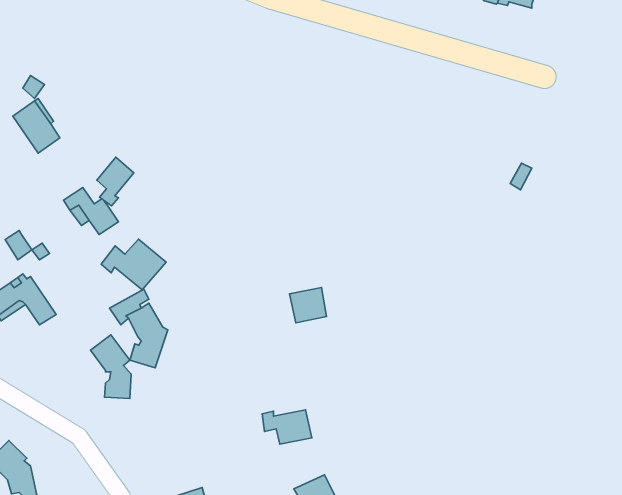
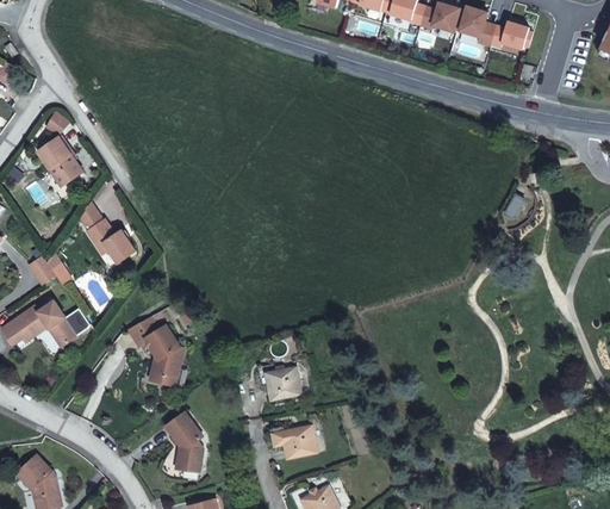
building: [97,157,134,206] -> none
building: [101,239,166,290] -> none
building: [290,287,326,323] -> [266,367,300,401]
building: [90,335,131,398] -> [163,412,201,472]

